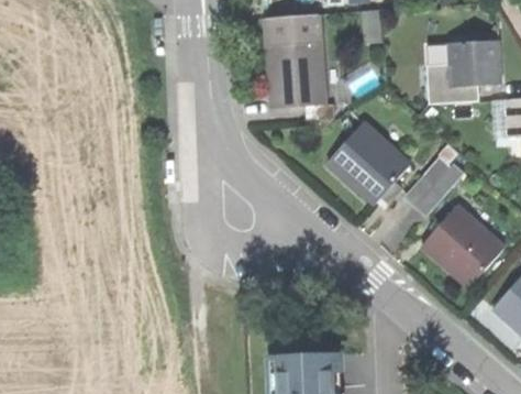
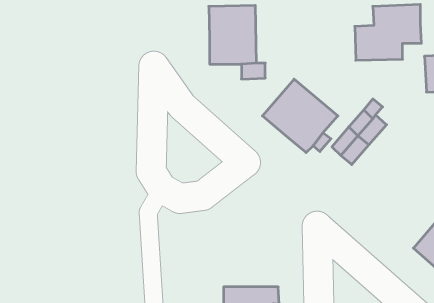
building: [421,207,502,287] -> none

